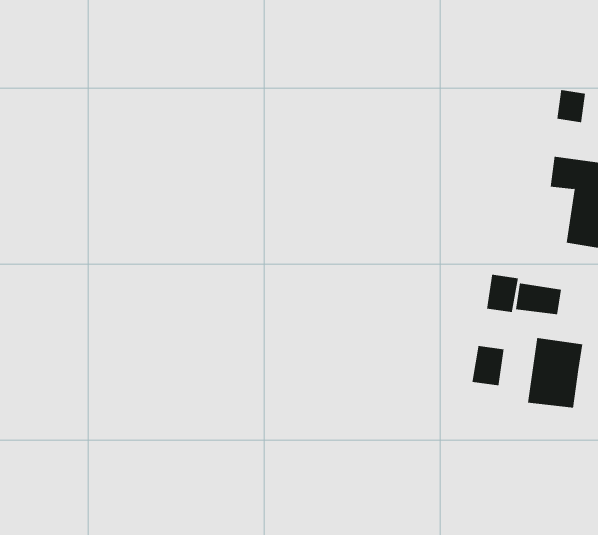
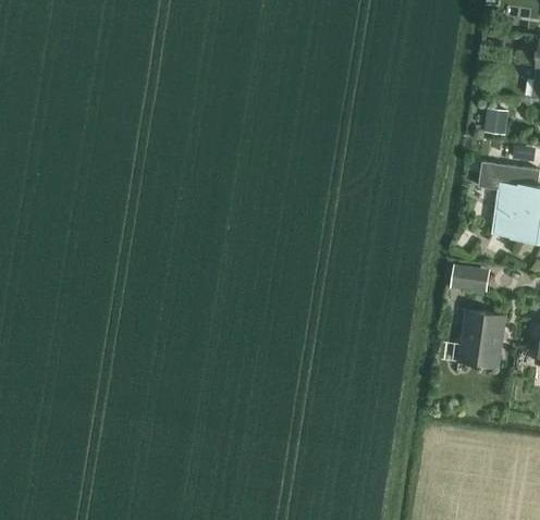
building: [487,274,519,313] -> none
building: [472,345,504,386] -> none

